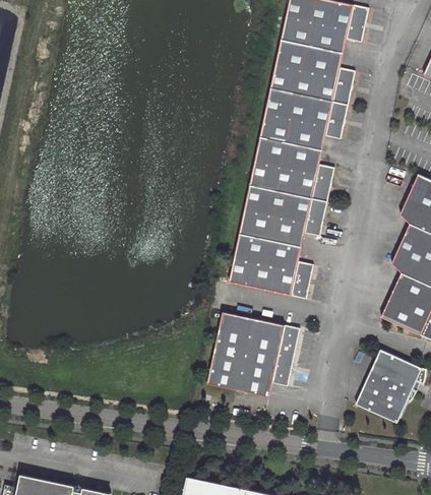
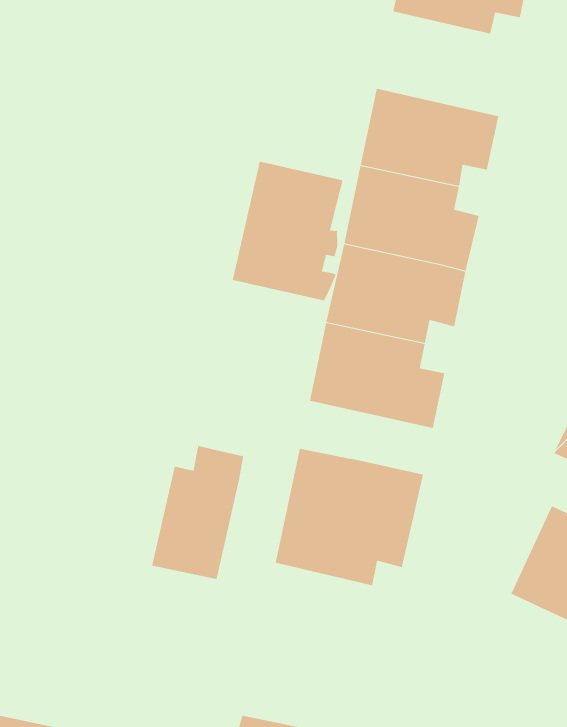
building: [270,41,354,106] -> none
building: none -> [232,161,343,301]
building: none -> [152,445,244,580]

